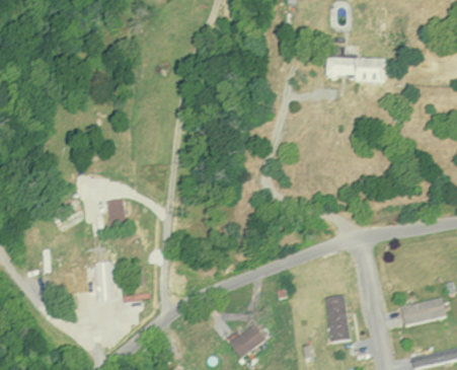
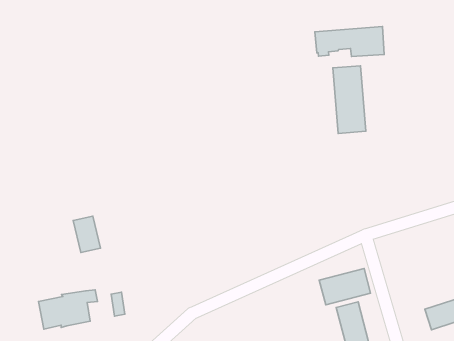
building: none -> [333,66,366,133]
building: none -> [319,268,371,305]

